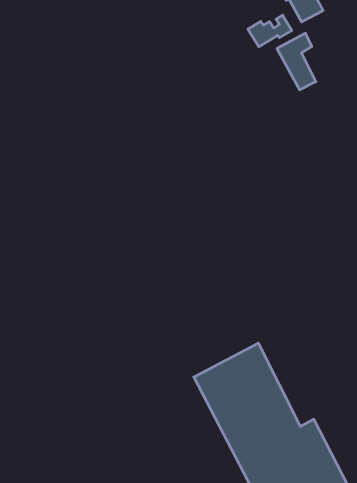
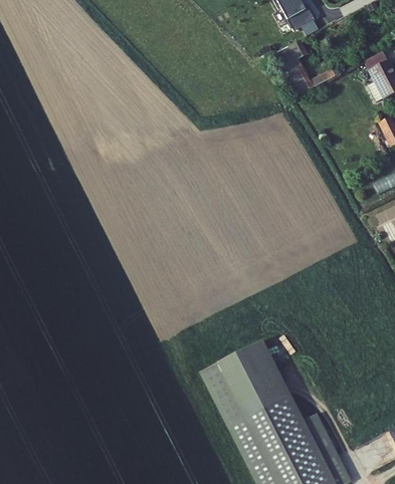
building: [248,15,292,47] -> none

